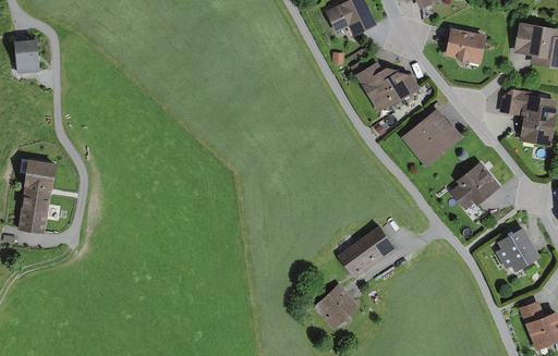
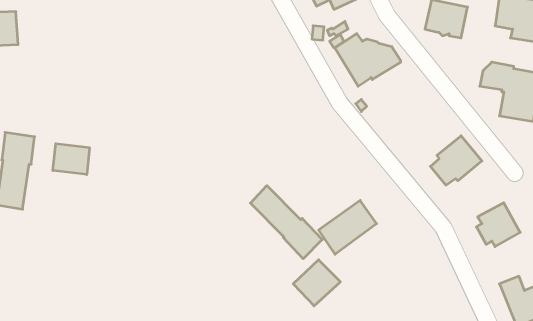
building: [401,108,463,168] -> none
building: none -> [53,144,89,175]
building: none -> [250,186,322,259]

